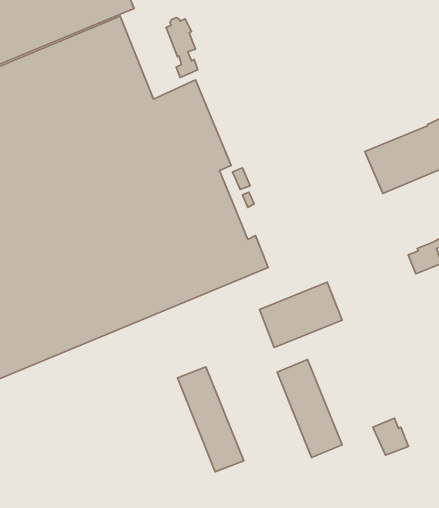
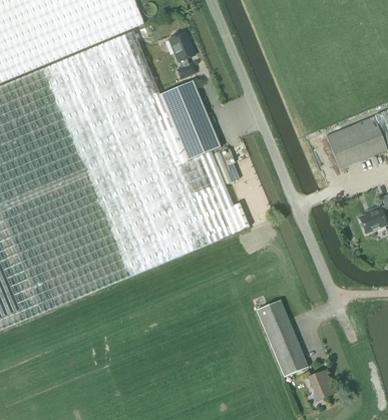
building: [259,282,342,347] -> none
building: [177,367,244,472] -> none
building: [373,418,409,455] -> [307,370,335,399]

